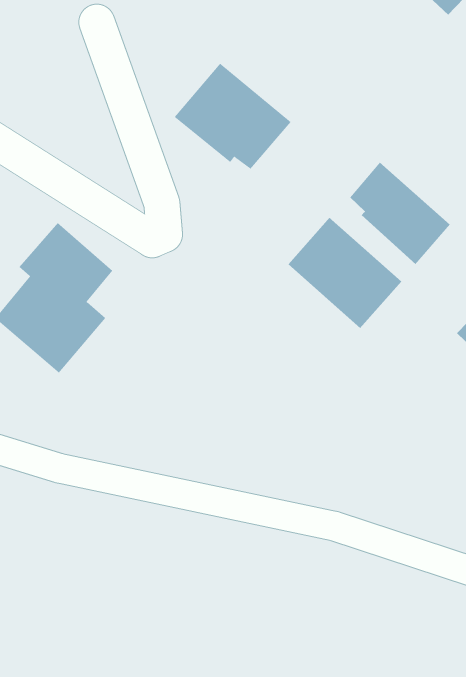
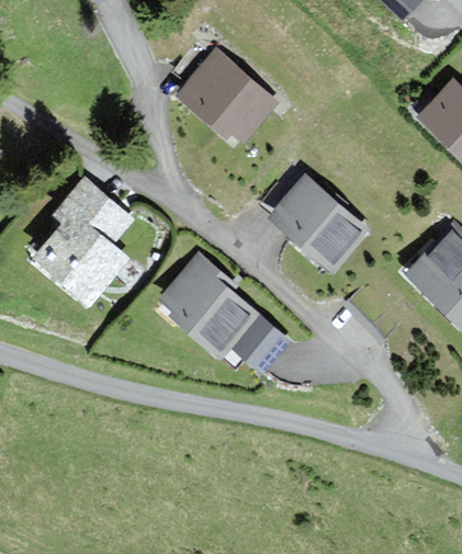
building: [349,162,450,265] -> none
building: none -> [164,255,285,369]

